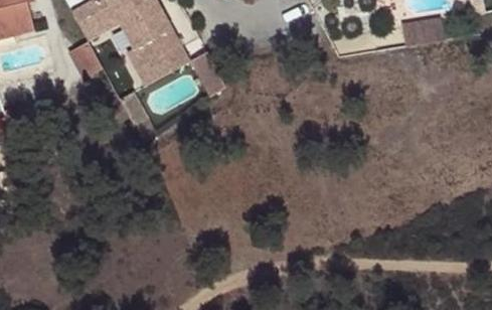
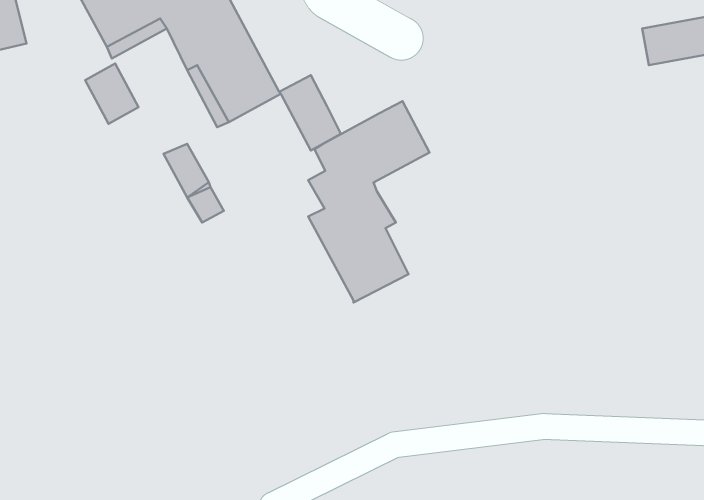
building: none -> [308,101,430,303]

